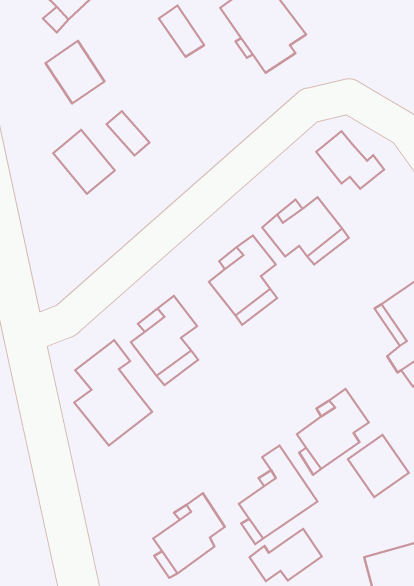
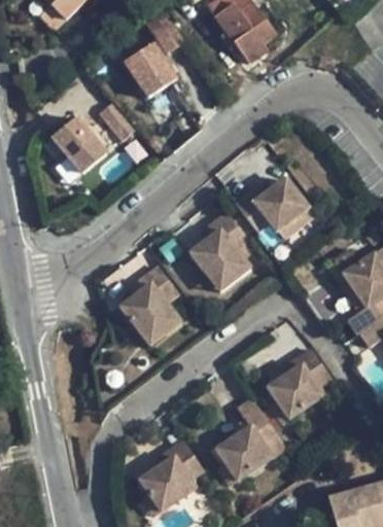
building: [45,41,105,104] -> [126,42,178,98]
building: [316,131,384,189] -> none
building: [74,340,152,446] -> none
building: [348,435,409,497] -> none
building: [249,529,322,581] -> none

